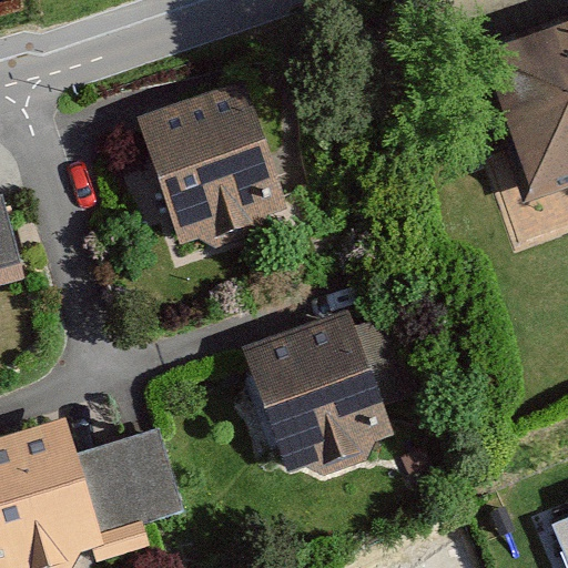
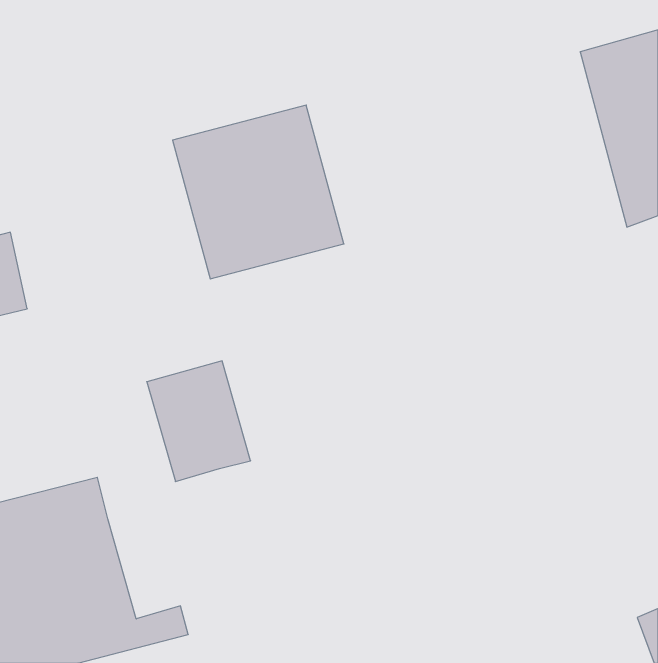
building: [230,317,392,493] -> none
building: [92,426,181,529] -> [147,361,251,482]

